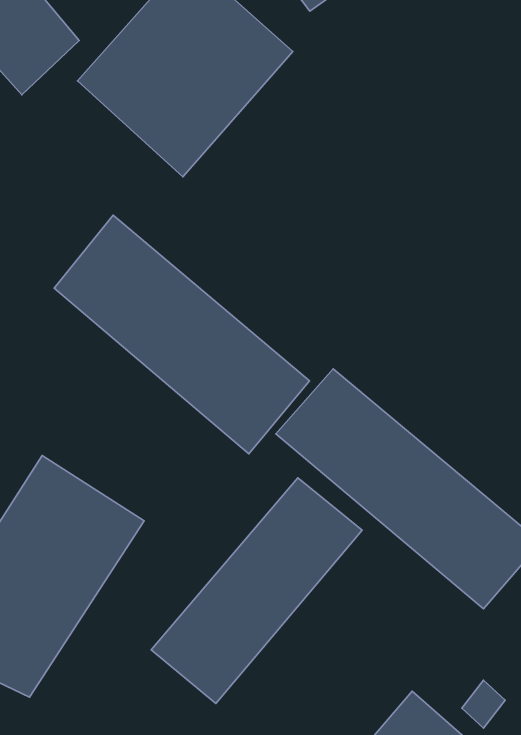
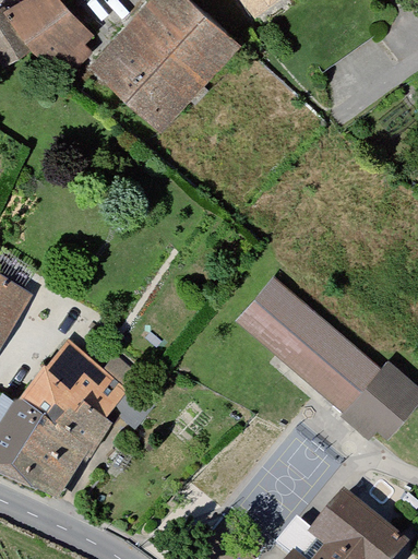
building: [54,215,309,454] -> none
building: [151,478,362,704] -> none

